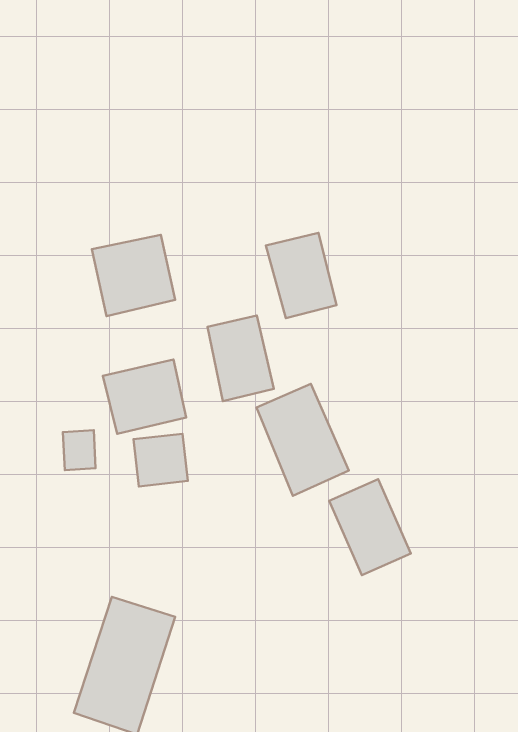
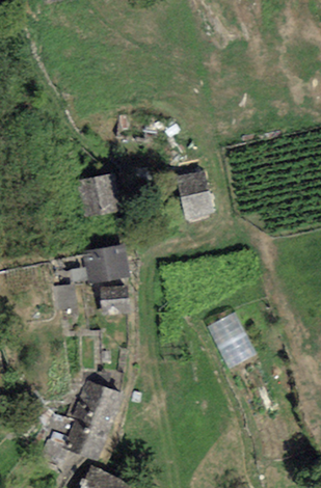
building: [207,315,274,401] -> none
building: [256,384,349,496] -> none

